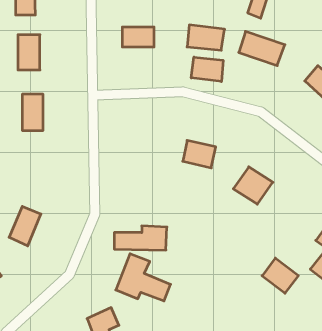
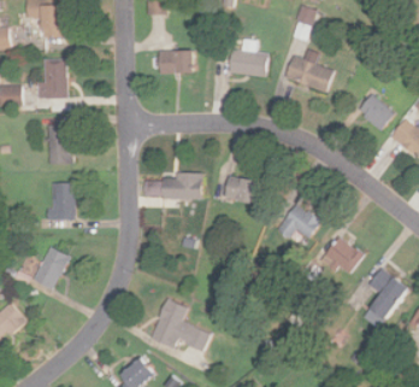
building: [191,57,223,82] -> none
building: none -> [53,183,75,219]
building: [114,226,167,250] -> [144,172,202,199]
building: [262,258,298,293] -> [324,236,364,275]

